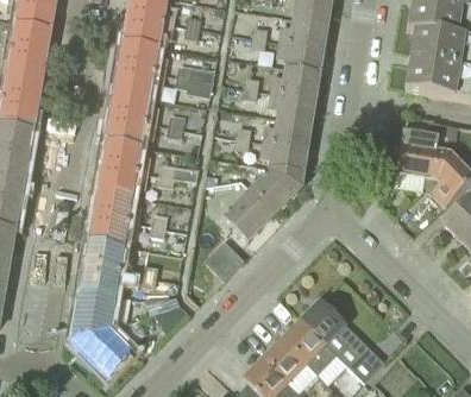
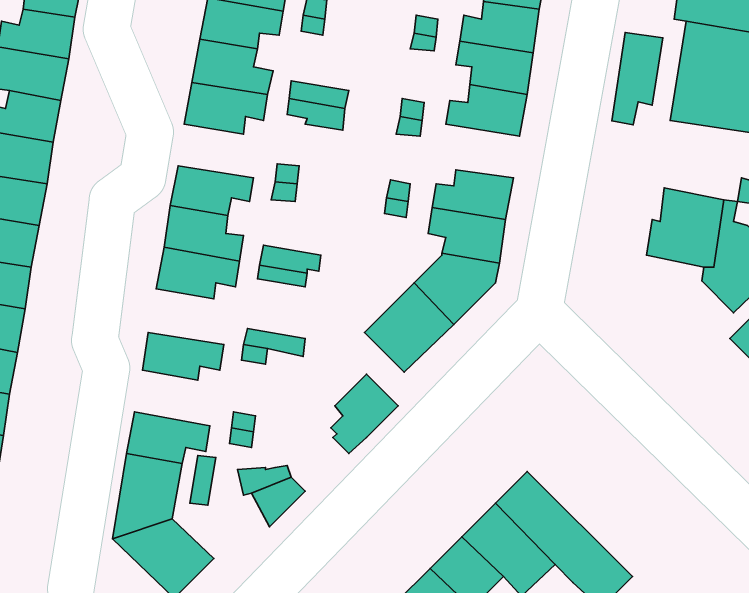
building: none -> [612,32,663,125]
building: [111,92,158,124] -> none
building: [269,92,315,124] -> none
building: [93,190,142,223] -> none
building: [84,239,132,272] -> none

